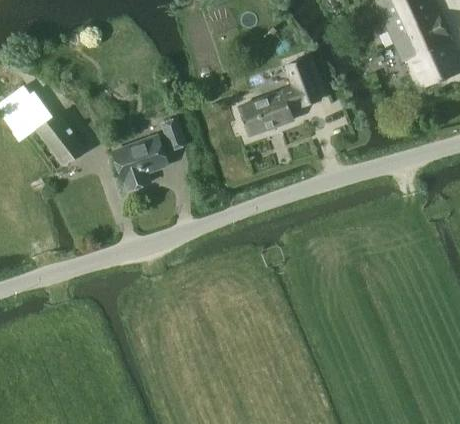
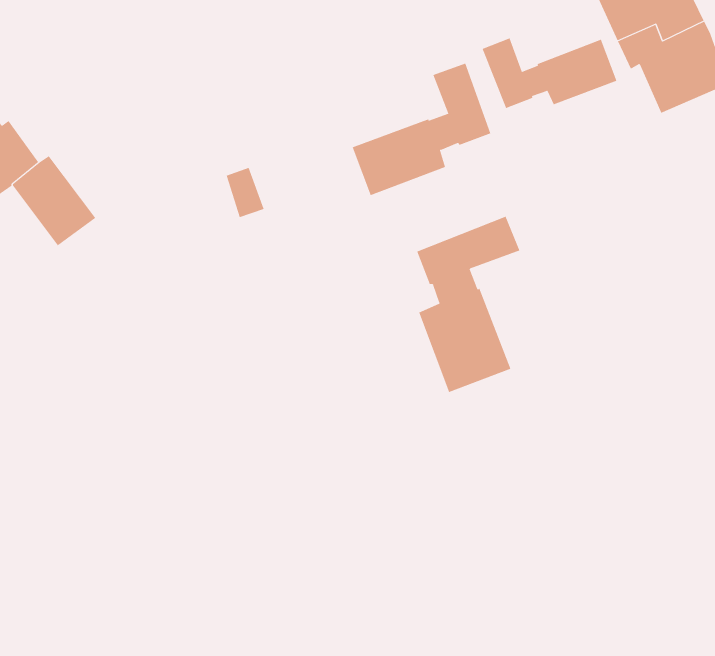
building: none -> [482,37,617,109]
building: [112,135,168,190] -> none
building: none -> [416,216,520,393]

